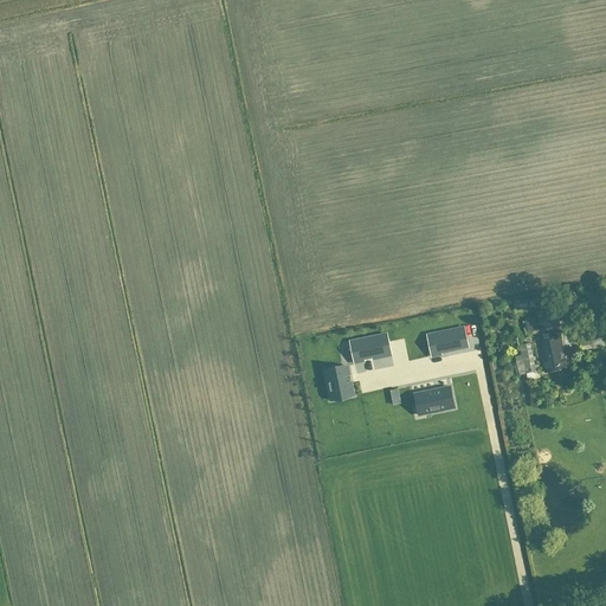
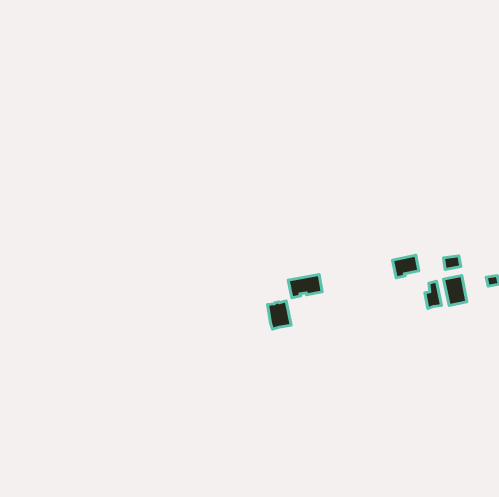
building: [426,328,458,355] -> [392,255,419,278]
building: [414,386,451,413] -> none

